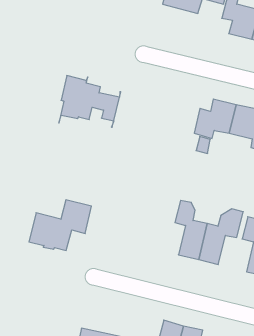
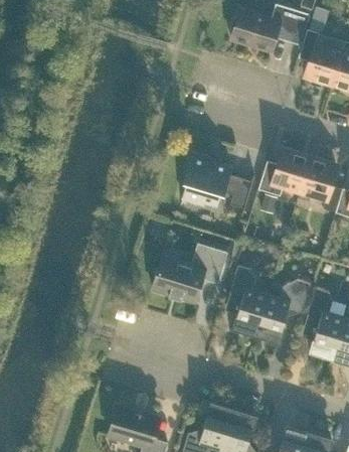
building: [59,76,121,127] -> [181,153,254,215]
building: [29,200,91,250] -> [153,244,227,302]

